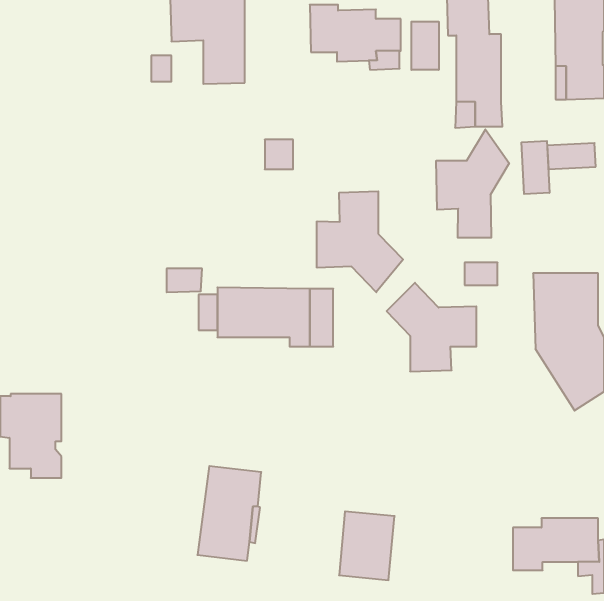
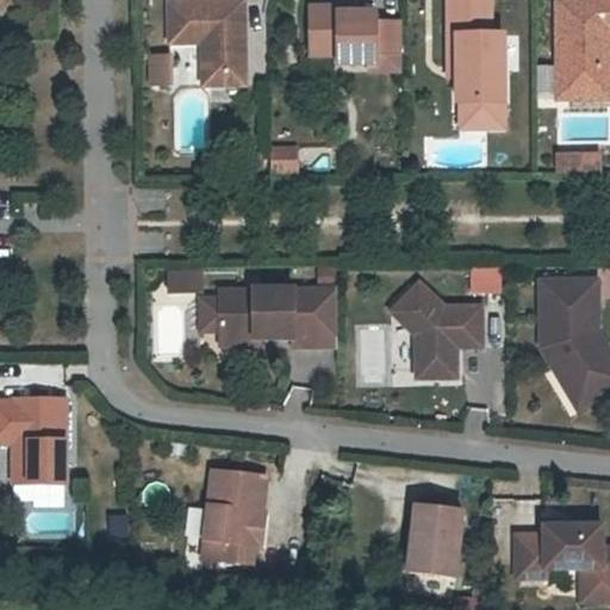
building: [411,22,439,70] -> none
building: [436,129,509,238] -> none
building: [522,141,549,194] -> none
building: [317,191,403,292] -> none
building: [339,511,395,580] -> [404,498,460,567]

